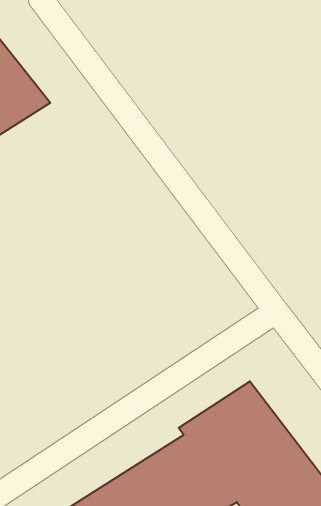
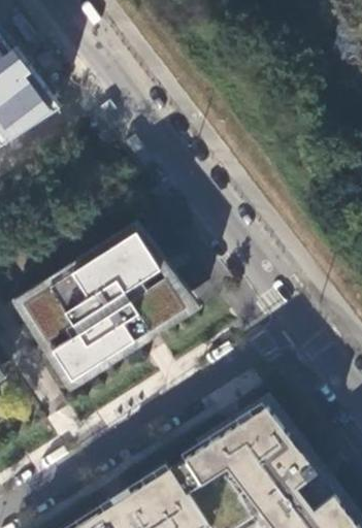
building: none -> [22,232,184,380]

